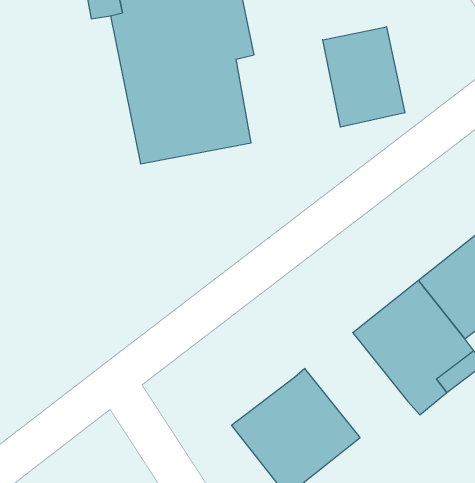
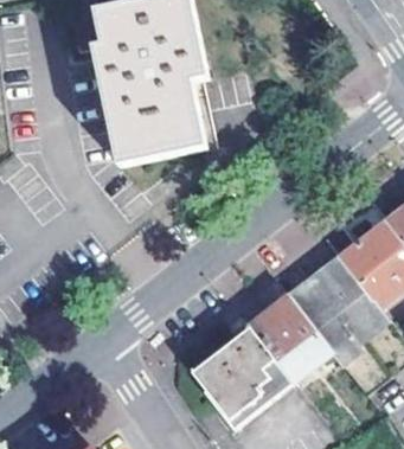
building: [323,27,405,127] -> none
building: none -> [249,299,331,381]

